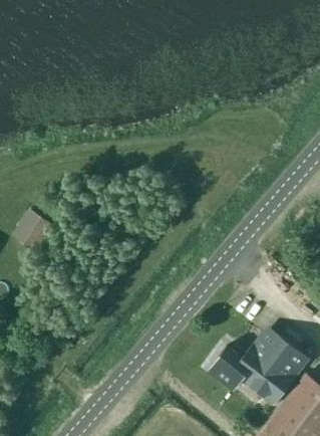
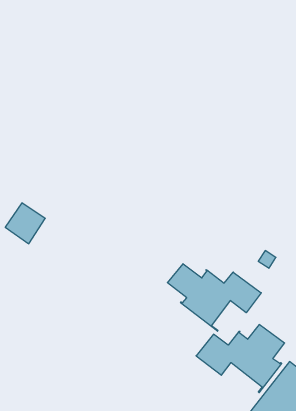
building: none -> [167,264,261,331]

